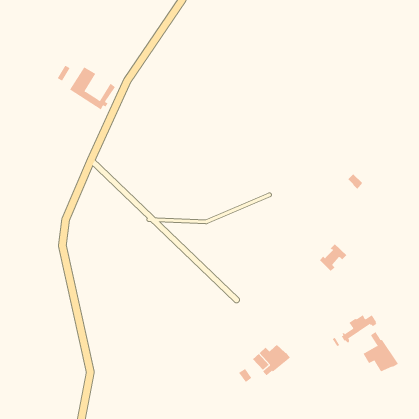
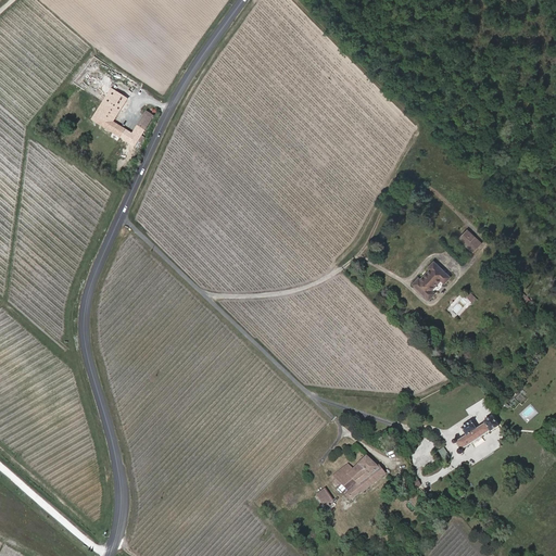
building: [319,244,347,272] -> [413,261,450,298]
building: [363,331,399,372] -> none

